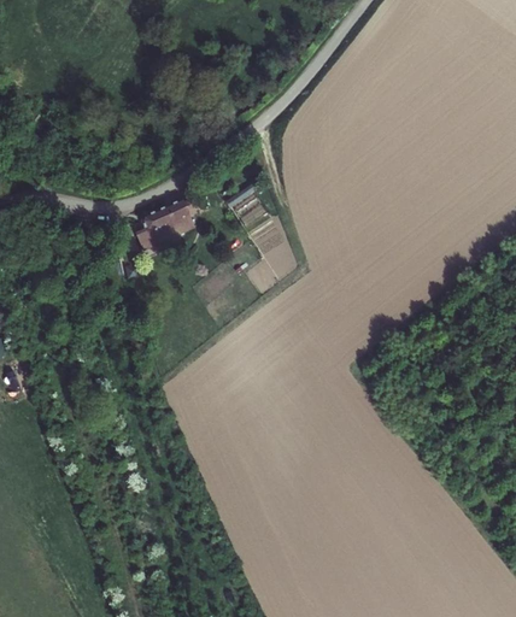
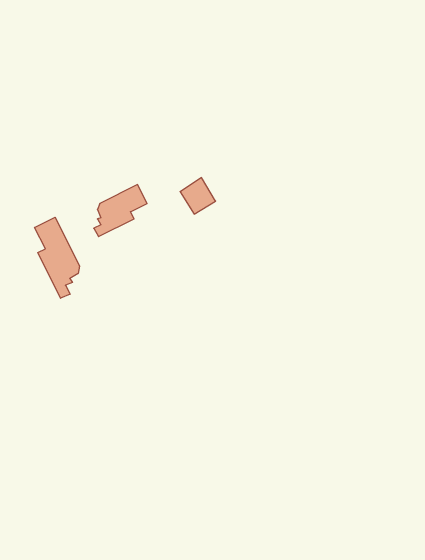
building: none -> [35,217,79,298]

